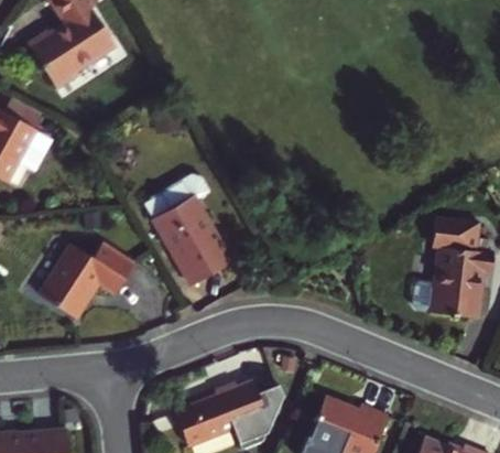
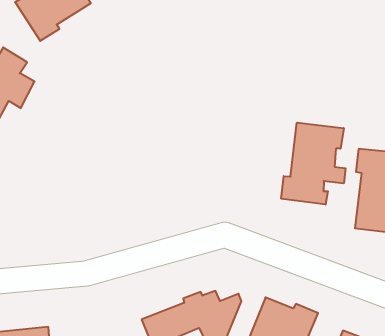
building: [142,174,231,288] -> none
building: none -> [281,123,346,205]
building: [37,240,135,317] -> none

